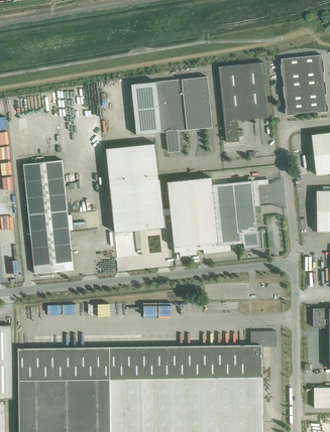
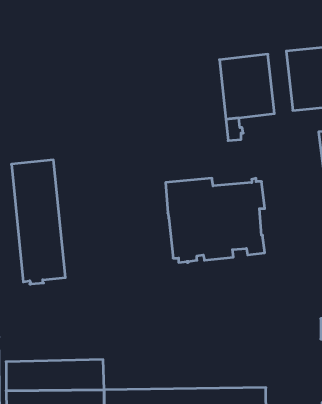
building: [131,77,212,152] -> none
building: [105,143,171,233] -> none
building: [109,330,277,375] -> none

